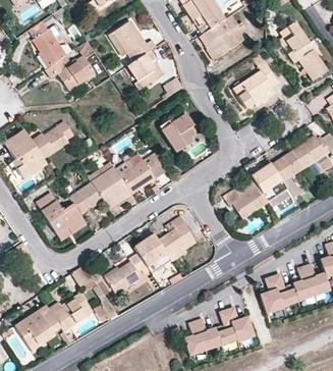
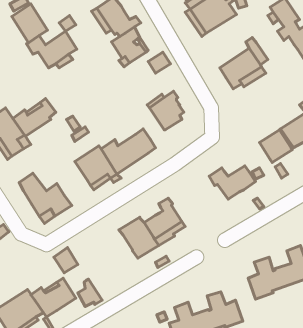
building: [251,162,281,191] -> none
building: [69,180,104,213] -> none
building: [106,252,148,294] -> none

